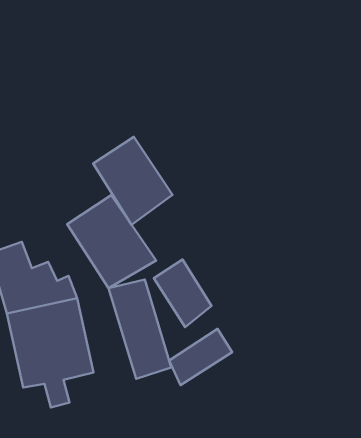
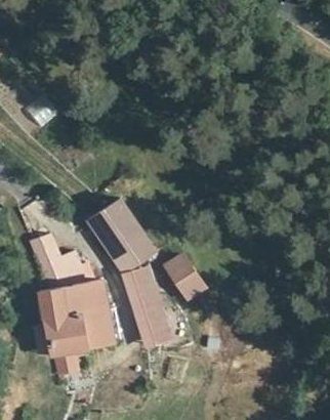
building: [93,137,172,225] -> none
building: [169,329,232,385] -> none

